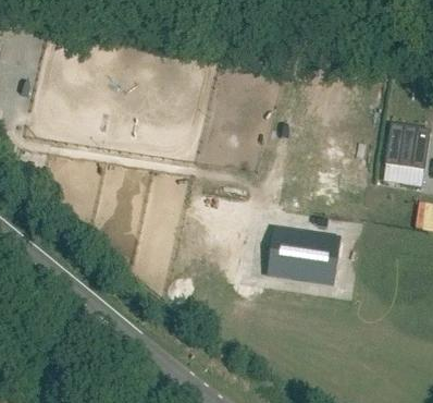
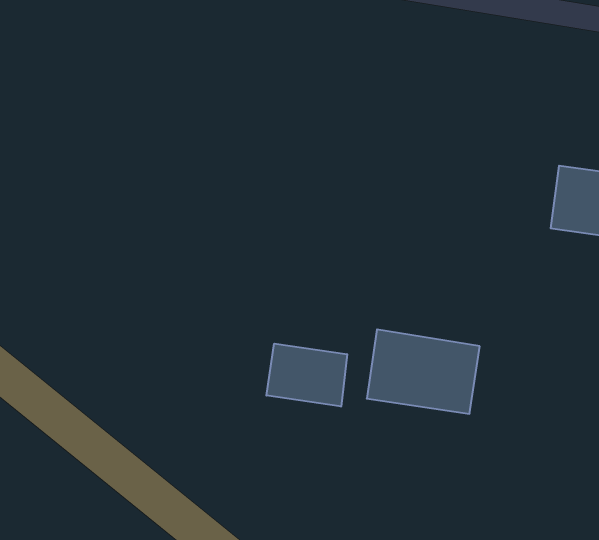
building: none -> [266,344,347,407]

